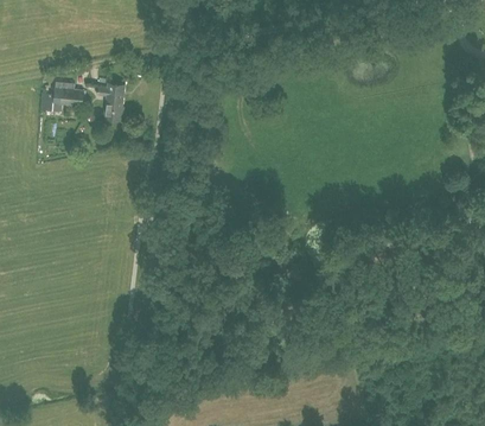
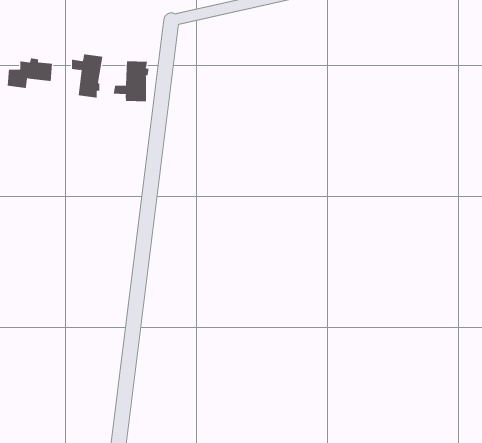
building: none -> [113,61,149,102]

